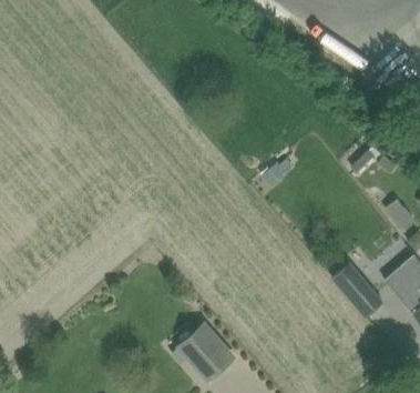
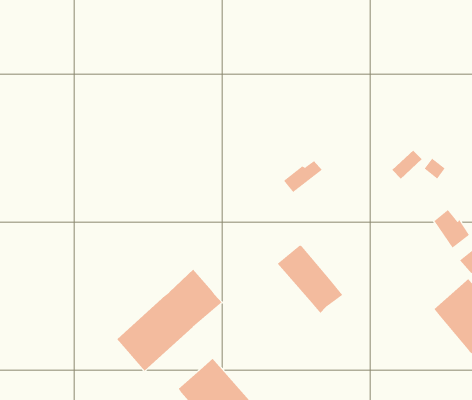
building: none -> [116,269,223,371]
building: [329,261,383,318] -> [277,245,343,314]

